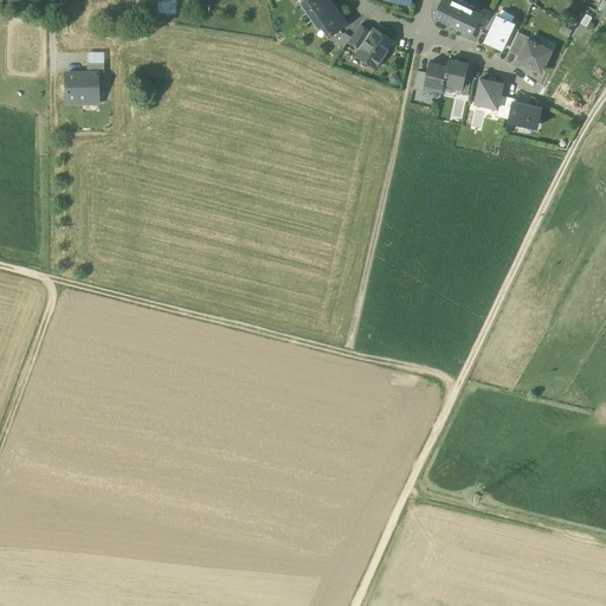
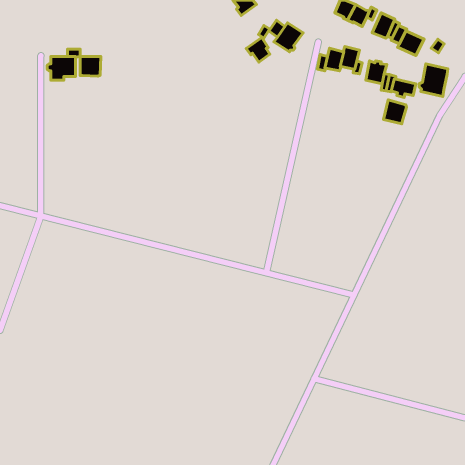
building: [314,6,344,38] -> [246,38,270,62]
building: none -> [80,56,101,76]
building: none -> [419,64,448,97]
building: none -> [384,100,406,124]

